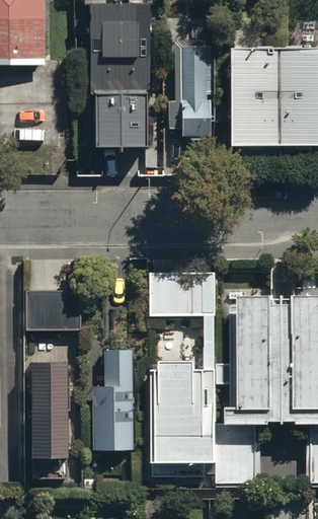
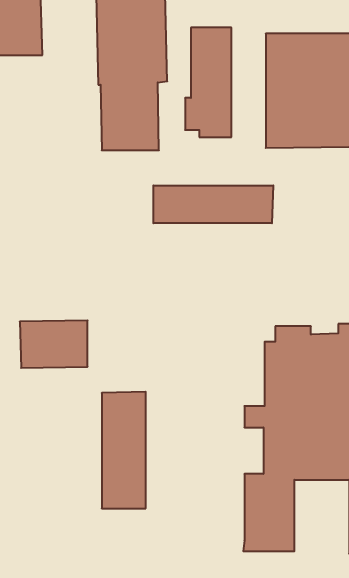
building: none -> [153,185,273,223]
building: [150,272,216,478] -> none
building: [29,362,68,478] -> none

